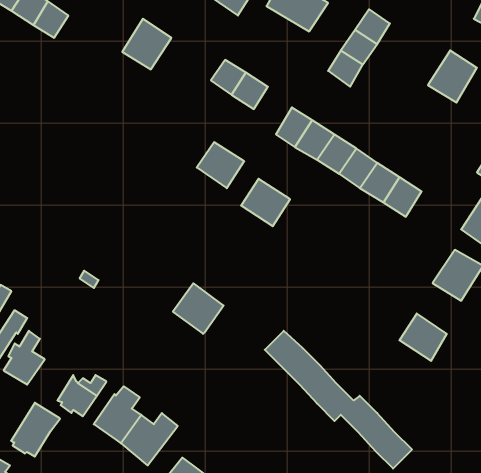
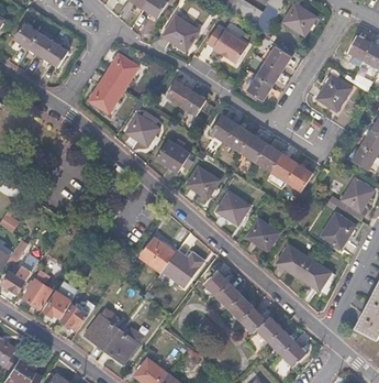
building: none -> [88,76,124,112]
building: none -> [125,112,159,144]
building: none -> [214,192,248,225]
building: none -> [245,218,278,250]
building: none -> [276,244,309,276]
building: none -> [161,250,199,287]
building: [11,403,60,457] -> [43,281,77,318]

